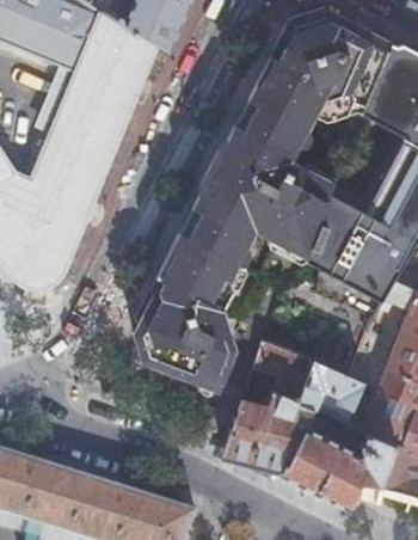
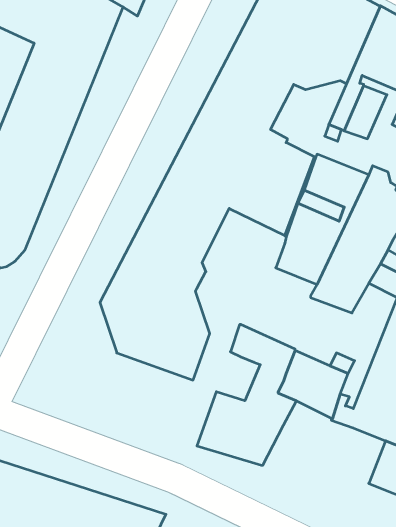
building: [281,429,399,504] -> none

